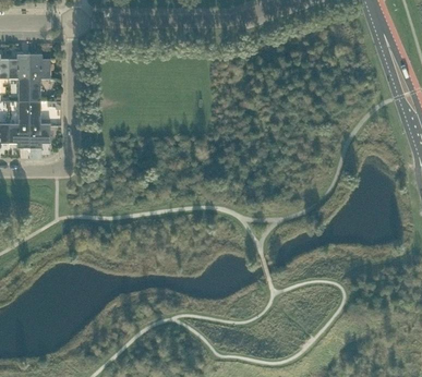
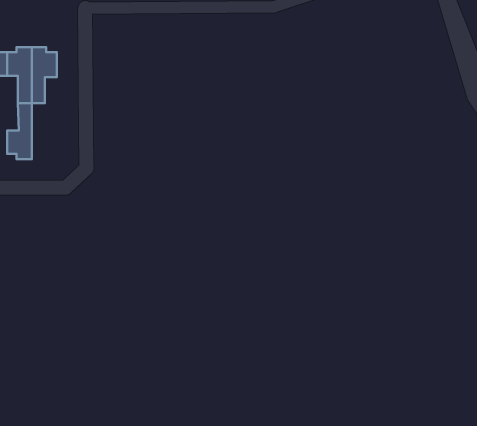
building: [28,100,49,147] -> none

